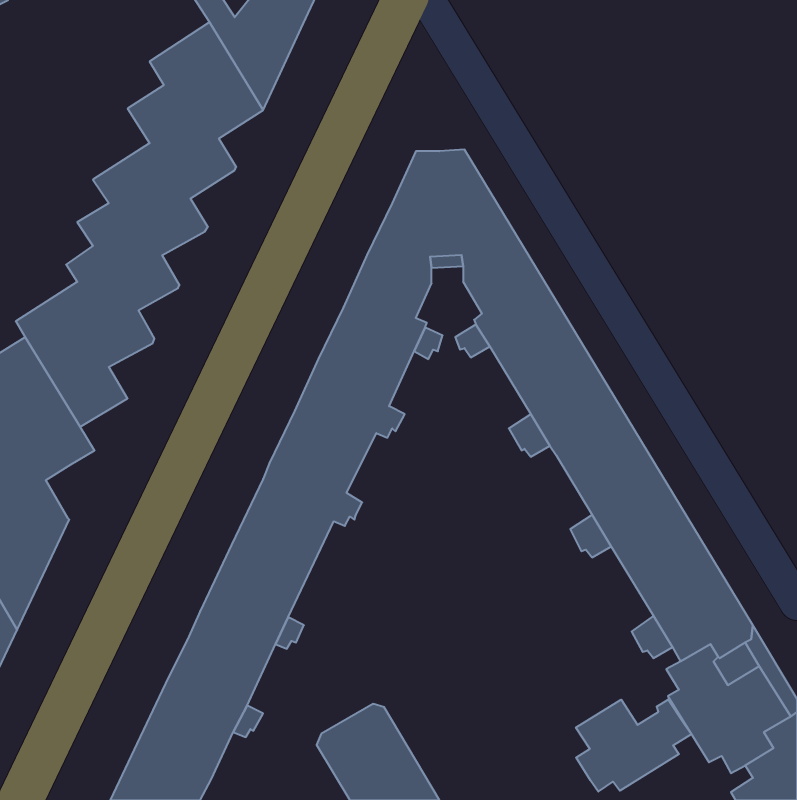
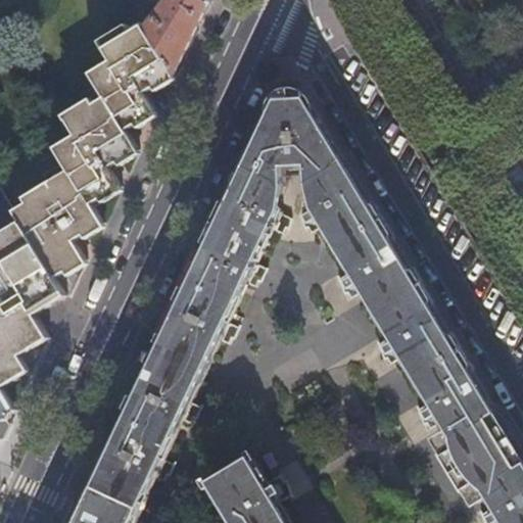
building: [576,699,691,792] -> none

